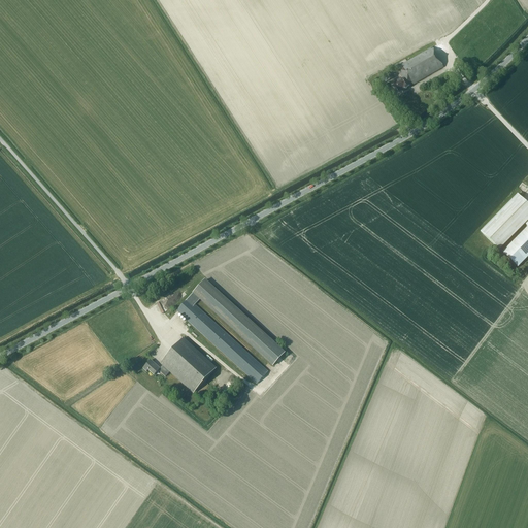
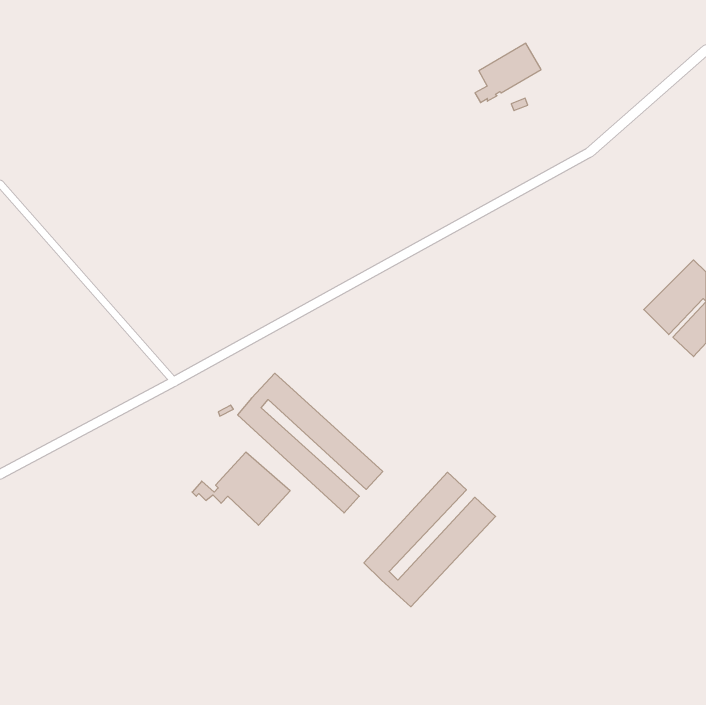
building: [394,46,443,91] -> [475,43,541,103]
building: none -> [364,472,496,607]

